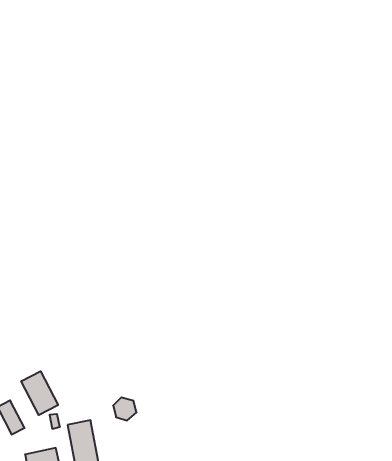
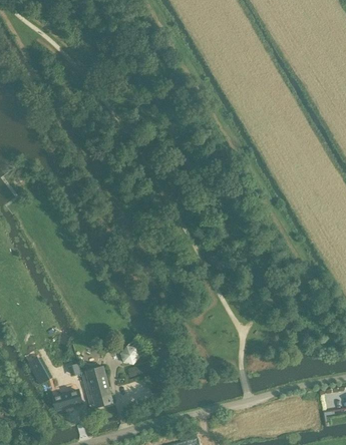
building: [21,371,58,415] -> none

